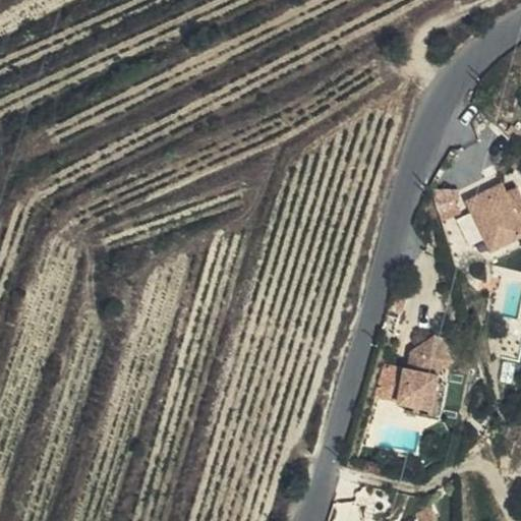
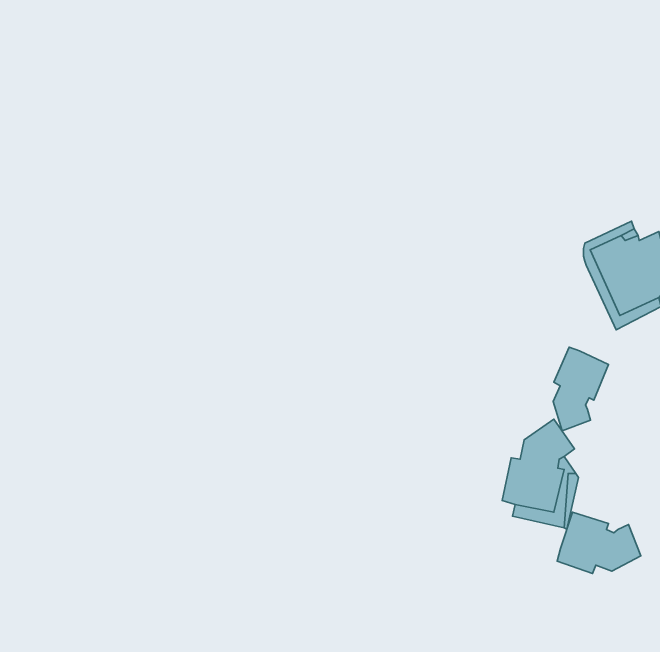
building: none -> [553,347,608,431]
building: none -> [557,512,641,573]

